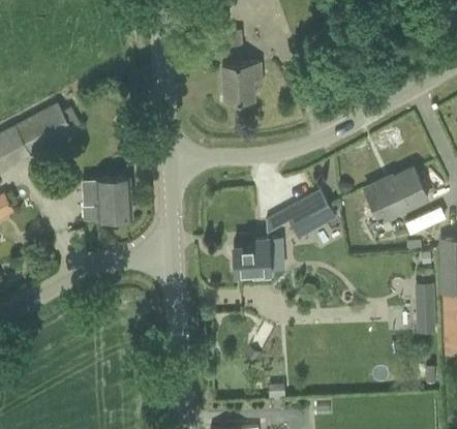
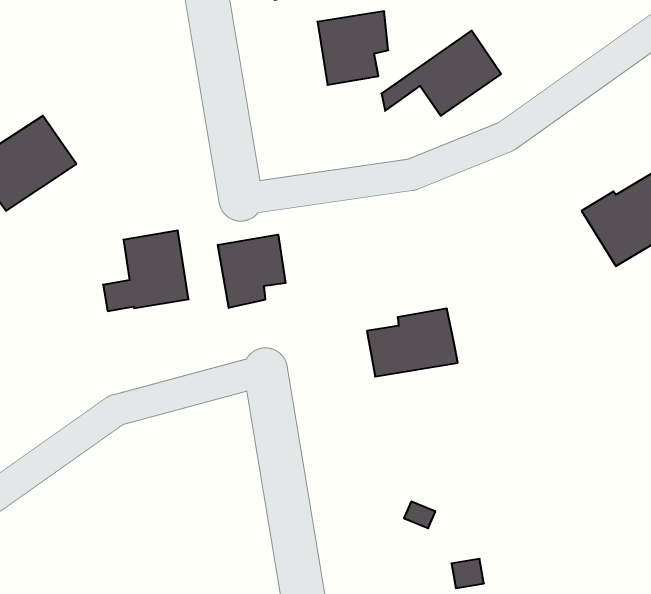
building: none -> [218,235,286,308]
building: [266,190,336,238] -> [381,31,501,116]

